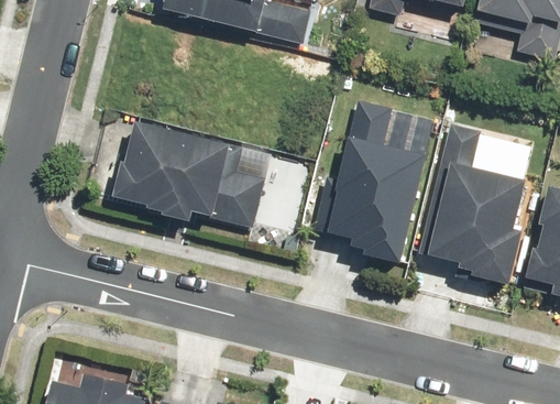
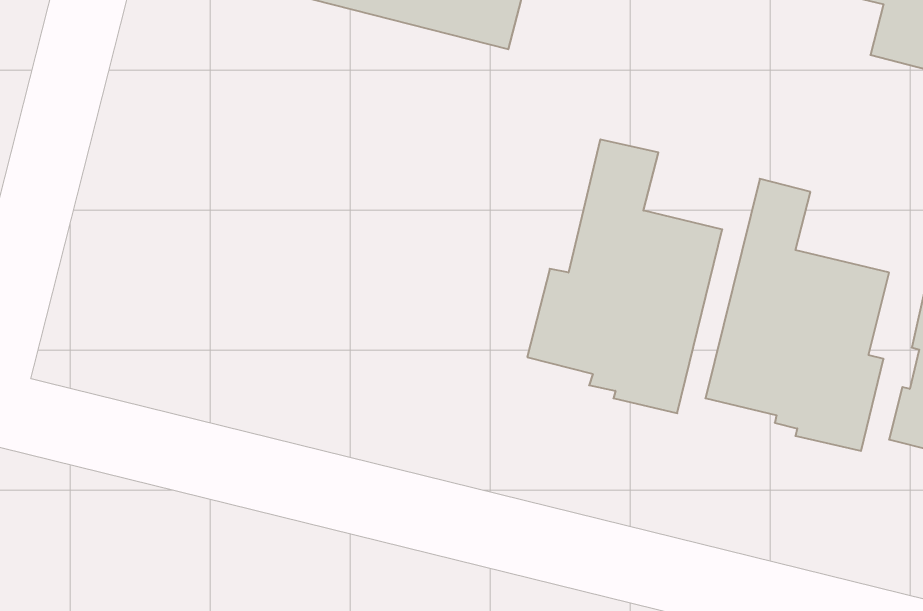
building: [114,119,265,227] -> none

